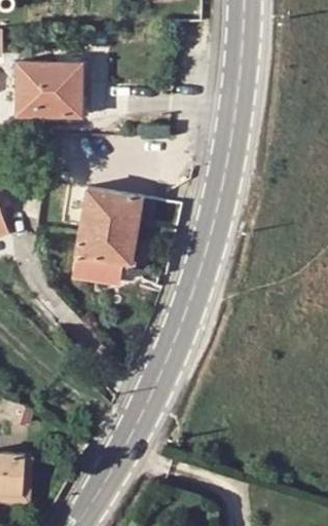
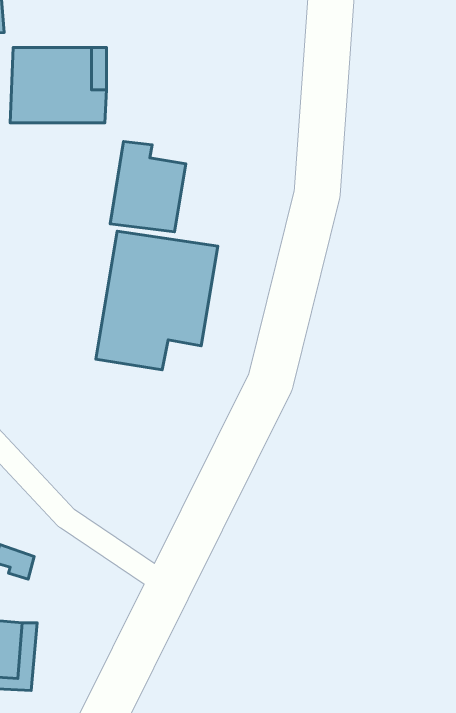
building: none -> [110,142,186,232]

